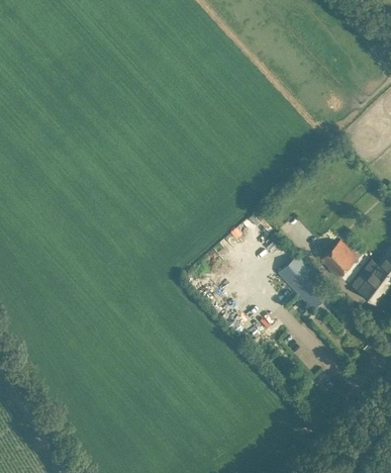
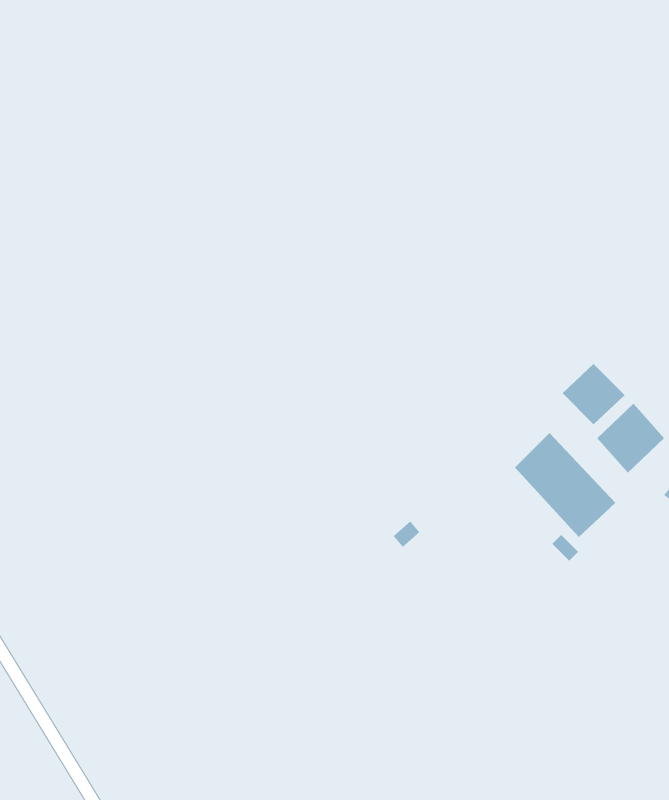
building: none -> [562,363,625,425]

